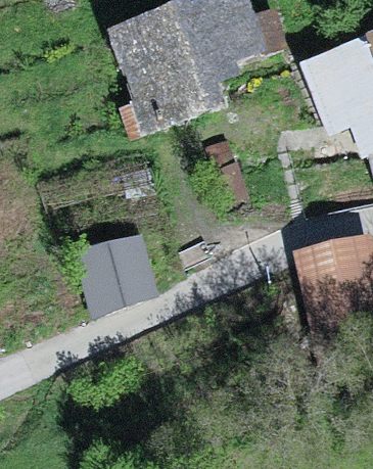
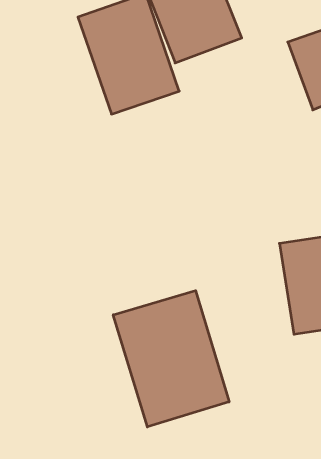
building: [81,234,157,303] -> none
building: none -> [113,291,229,427]

